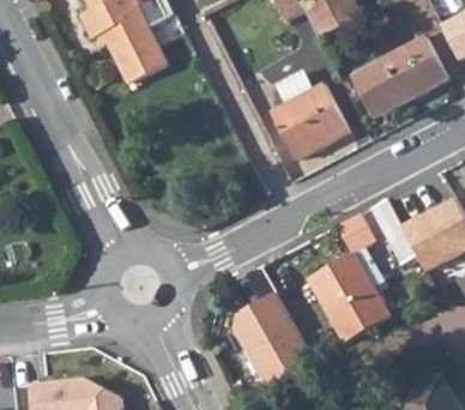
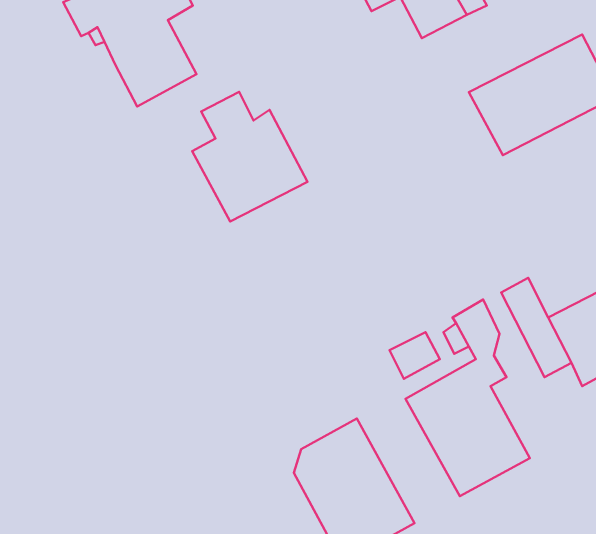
building: [270,71,346,157] -> [192,92,308,222]

